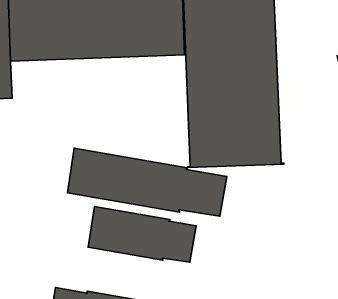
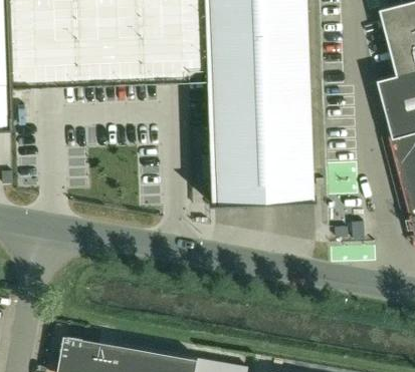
building: [67,148,227,216] -> none
building: [88,207,196,262] -> none

